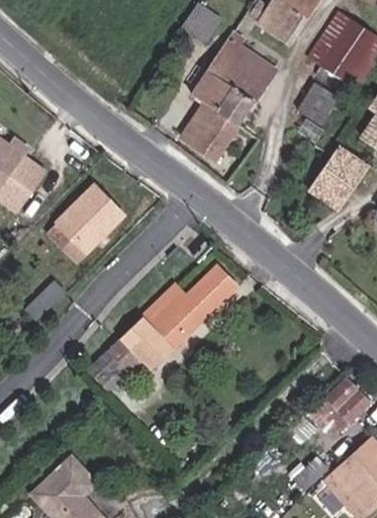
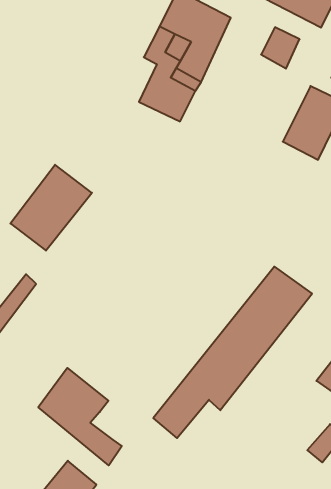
building: [89,244,251,390] -> [153,267,312,438]
building: none -> [38,368,122,465]

